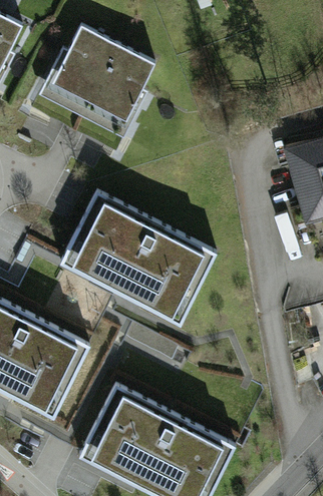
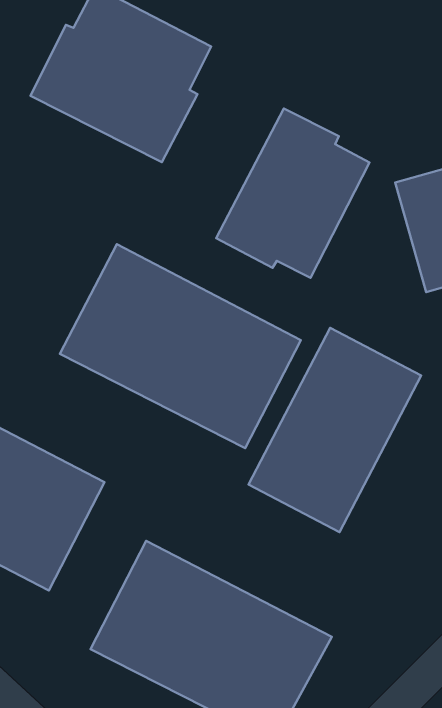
building: none -> [216,109,369,278]
building: none -> [248,328,421,532]

